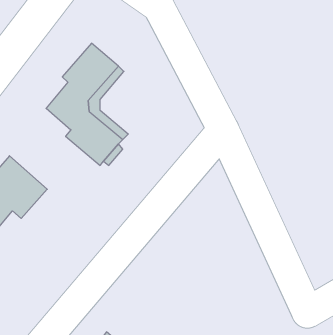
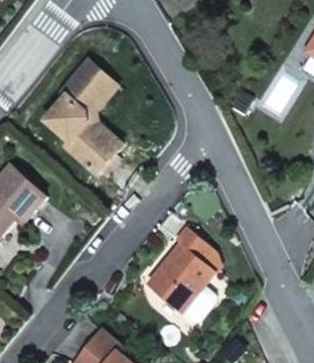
building: none -> [148,226,215,323]

